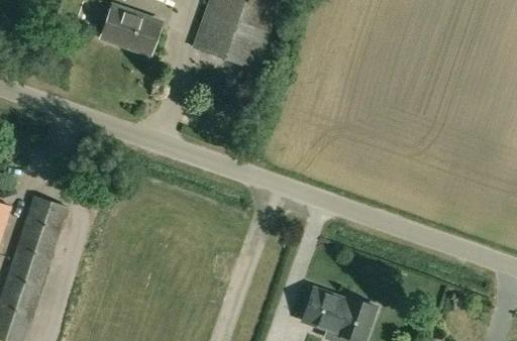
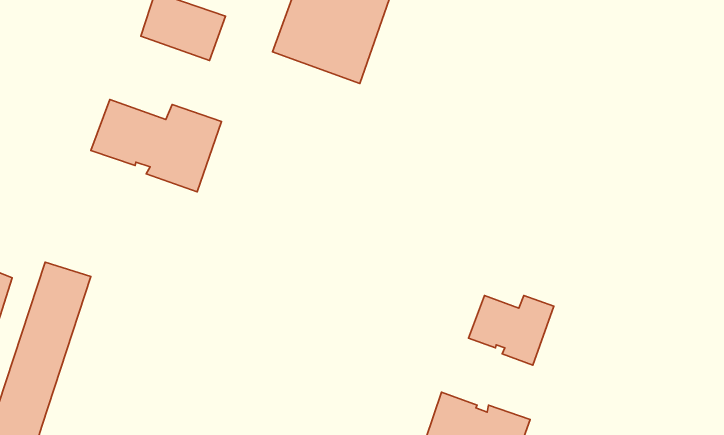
building: none -> [91,99,222,192]
building: none -> [469,296,554,365]

